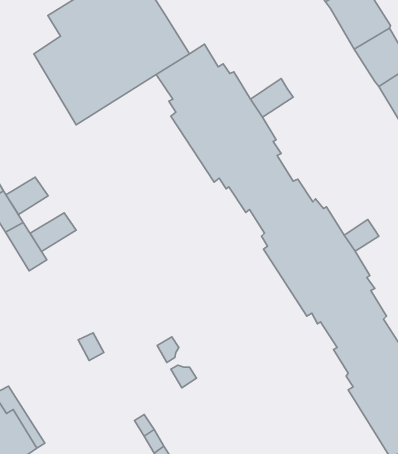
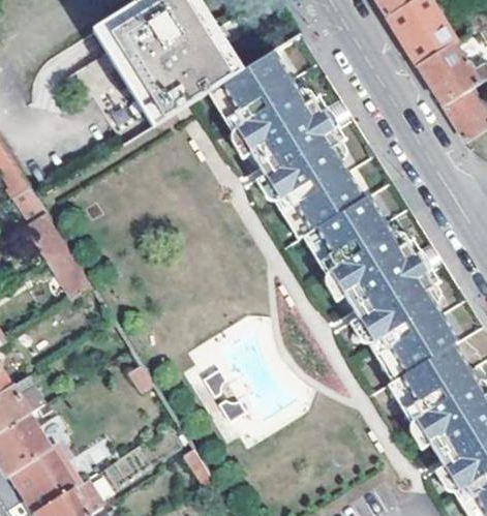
building: [6,177,48,214] -> none
building: [30,213,76,251] -> none

